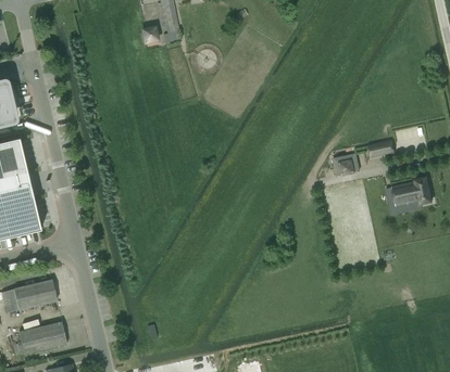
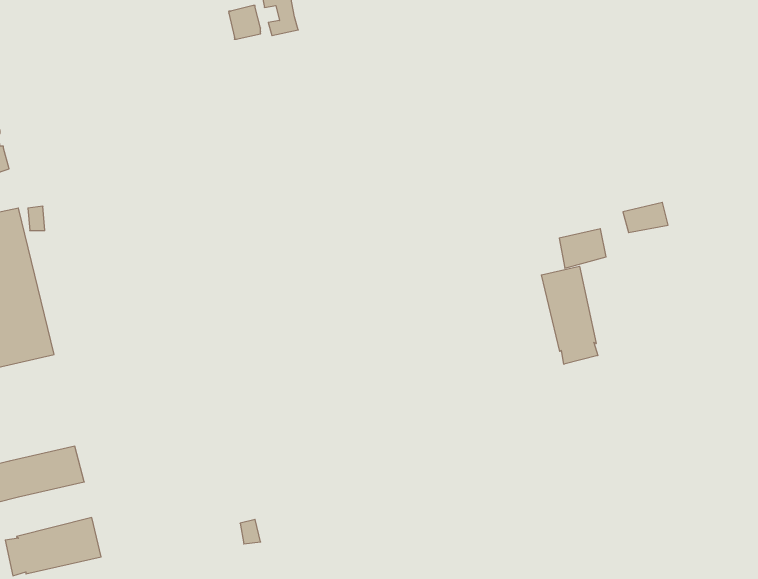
building: none -> [541,266,598,364]
building: [391,179,432,204] -> none

